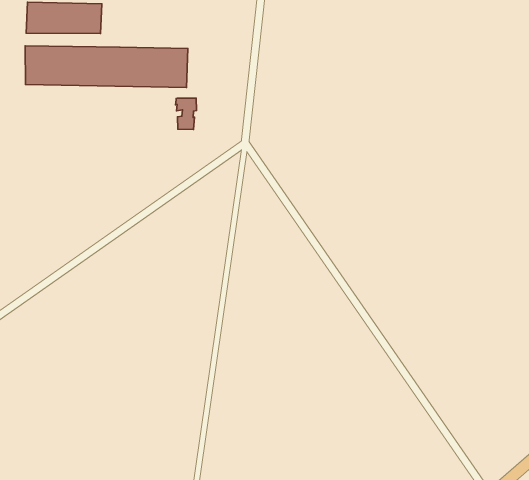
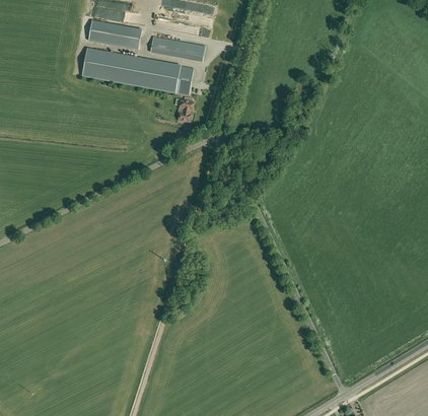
building: none -> [150,37,205,61]

